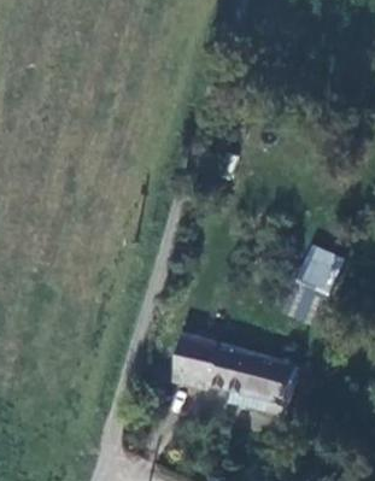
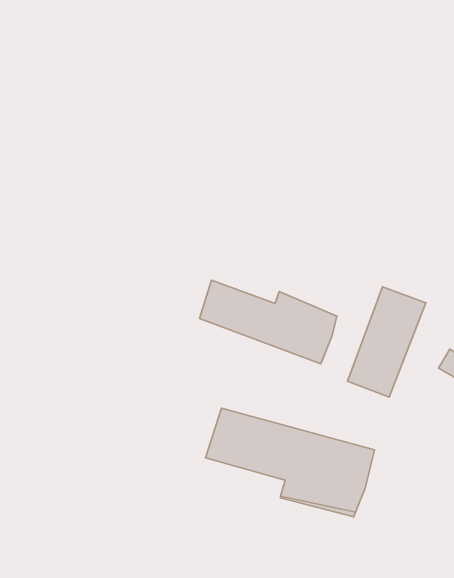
building: none -> [199,280,337,364]

